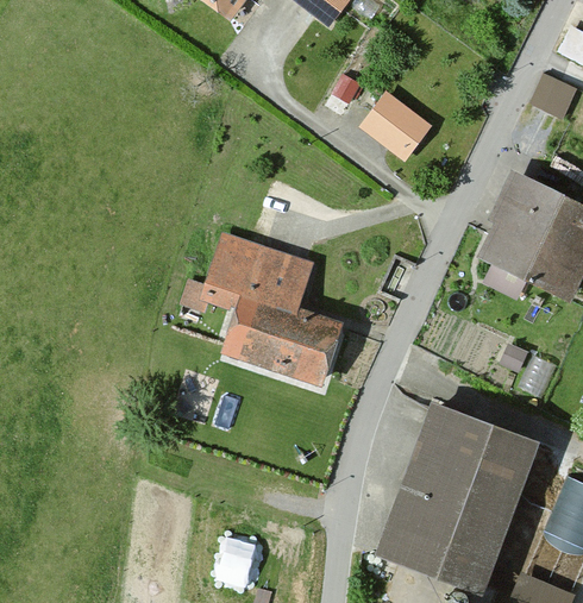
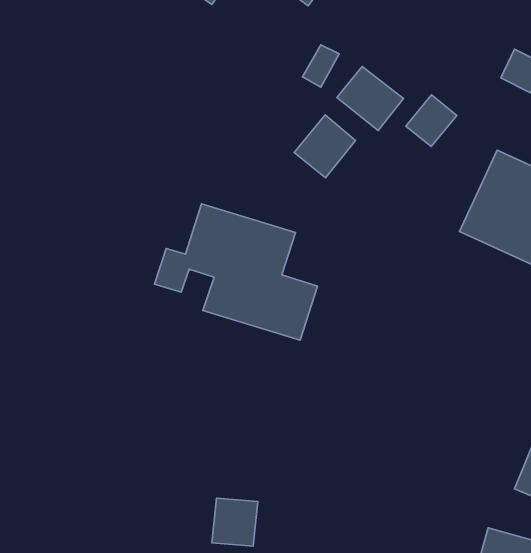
building: none -> [406,95,457,147]
building: none -> [294,115,356,178]
building: [384,402,534,580] -> none

